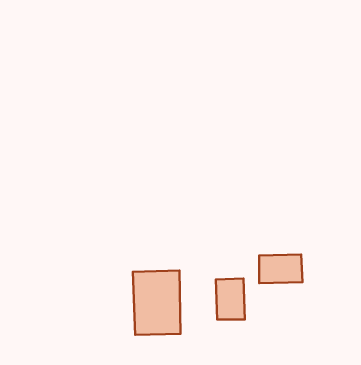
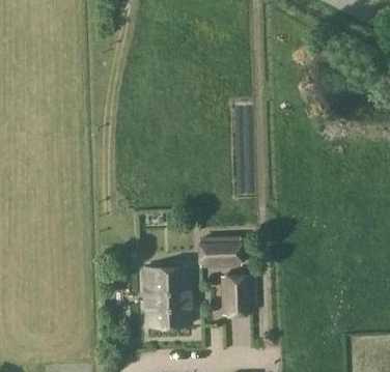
building: [259,254,302,283] -> [200,239,241,266]

